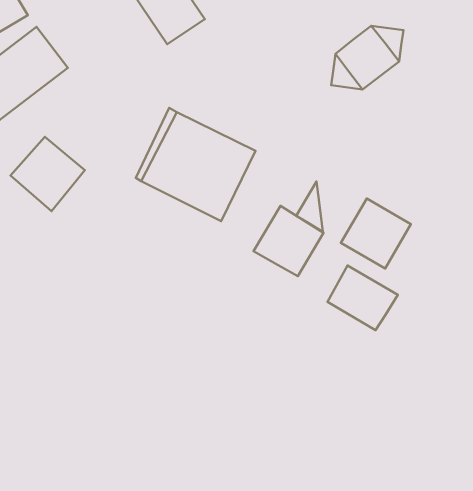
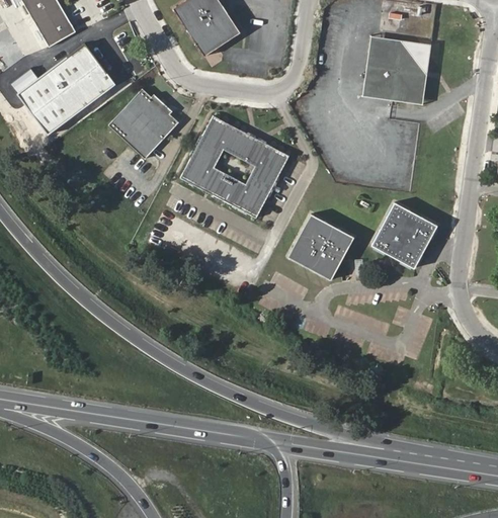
building: none -> [366,36,400,67]
building: none -> [392,74,426,104]
building: [10,137,85,211] -> [108,91,178,161]
building: [296,181,323,232] -> none
building: [327,265,398,330] -> none

